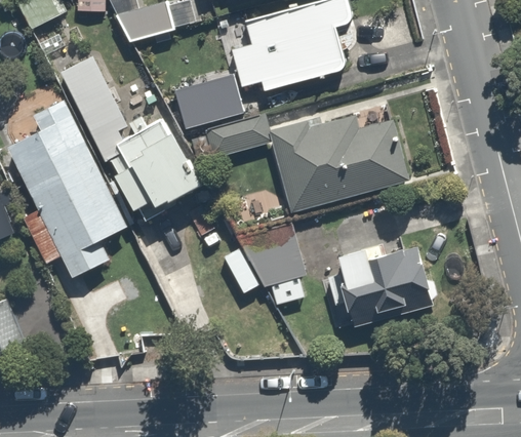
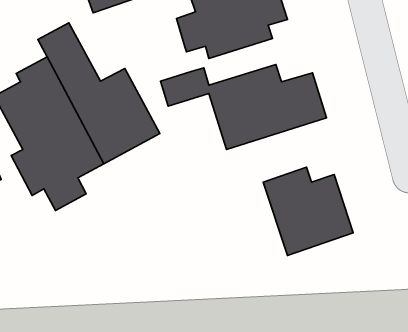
building: [161,83,245,134] -> none
building: [235,228,307,290] -> none

